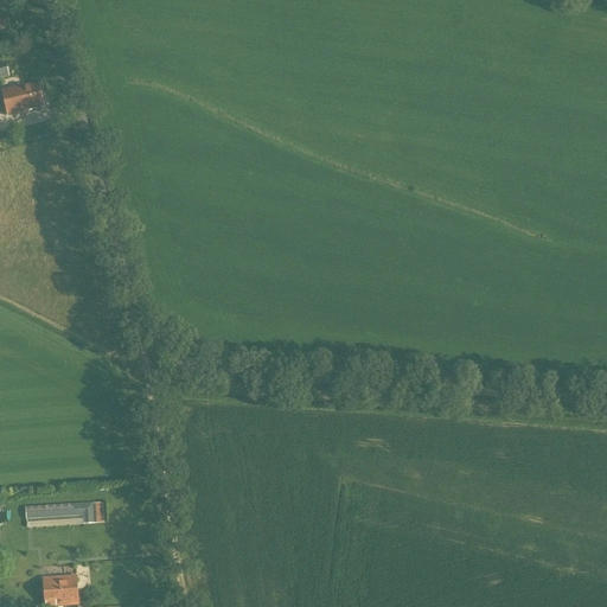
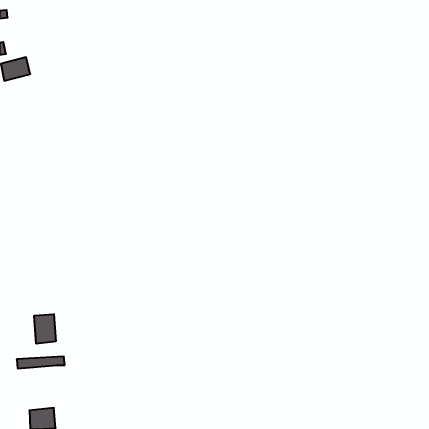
building: none -> [34,314,56,344]

